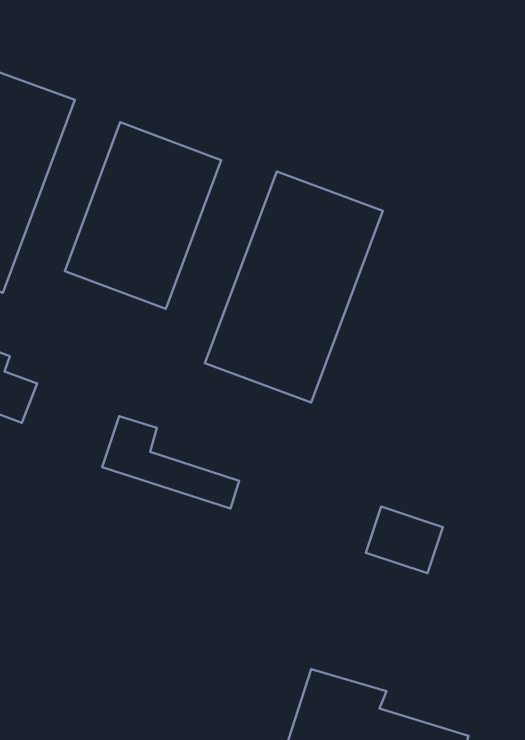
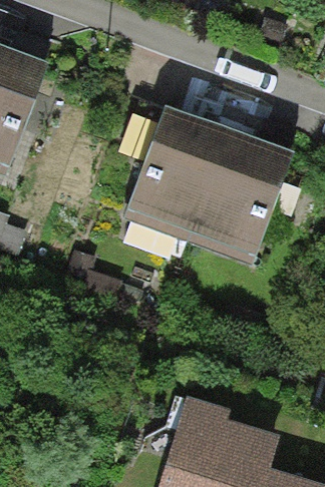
building: [65,122,221,309] -> none
building: none -> [186,129,294,267]

